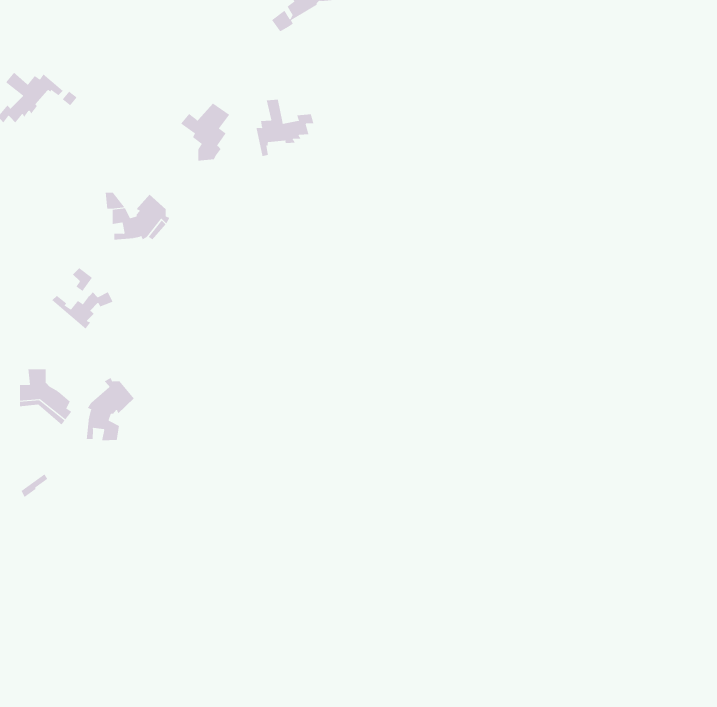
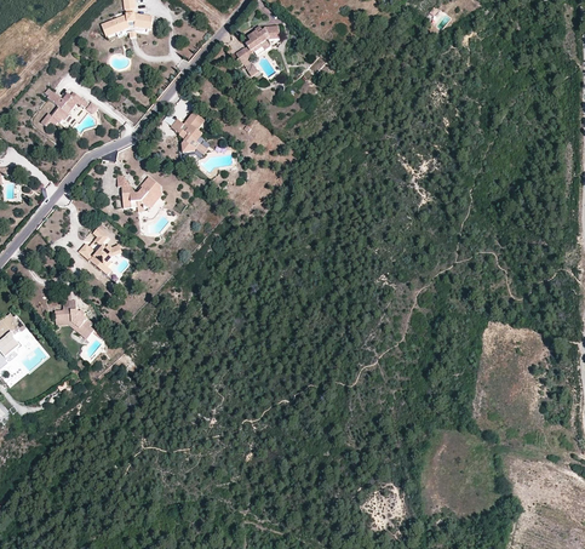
building: [256,99,314,157] -> none
building: [86,377,134,441] -> none

